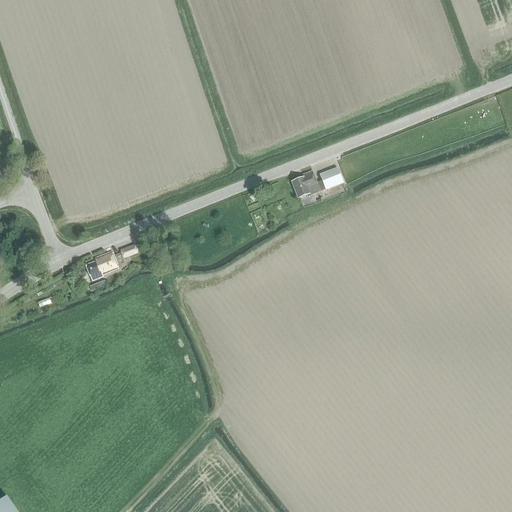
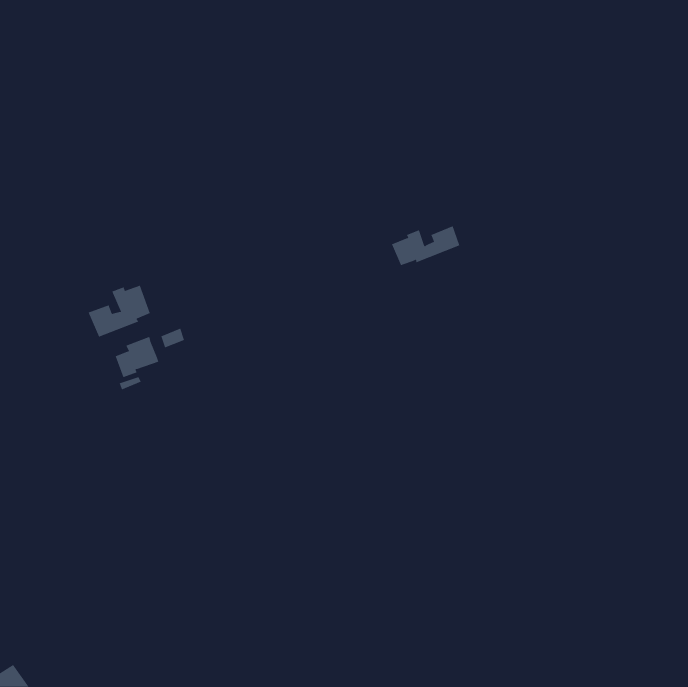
building: none -> [88,285,150,338]

